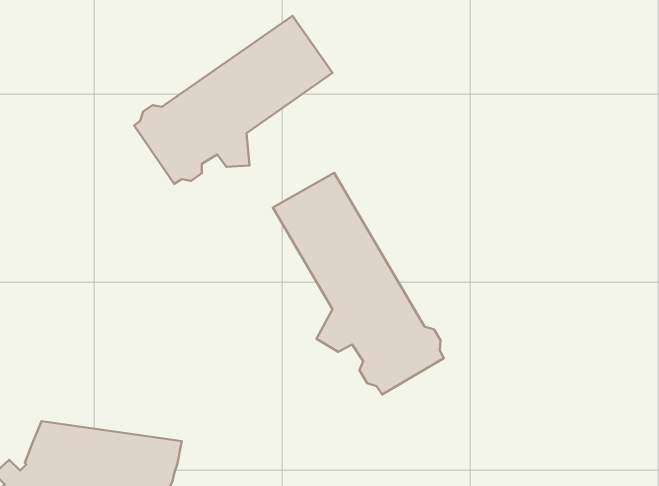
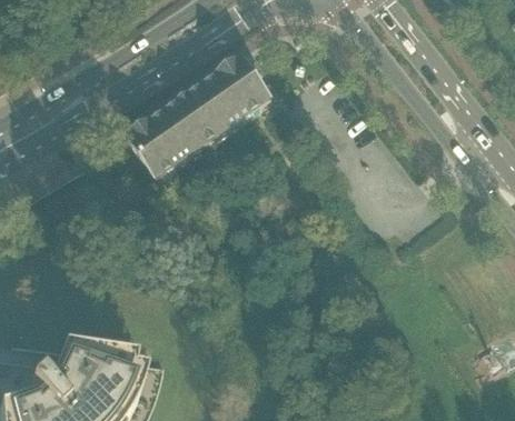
building: [273,173,444,395] -> none

